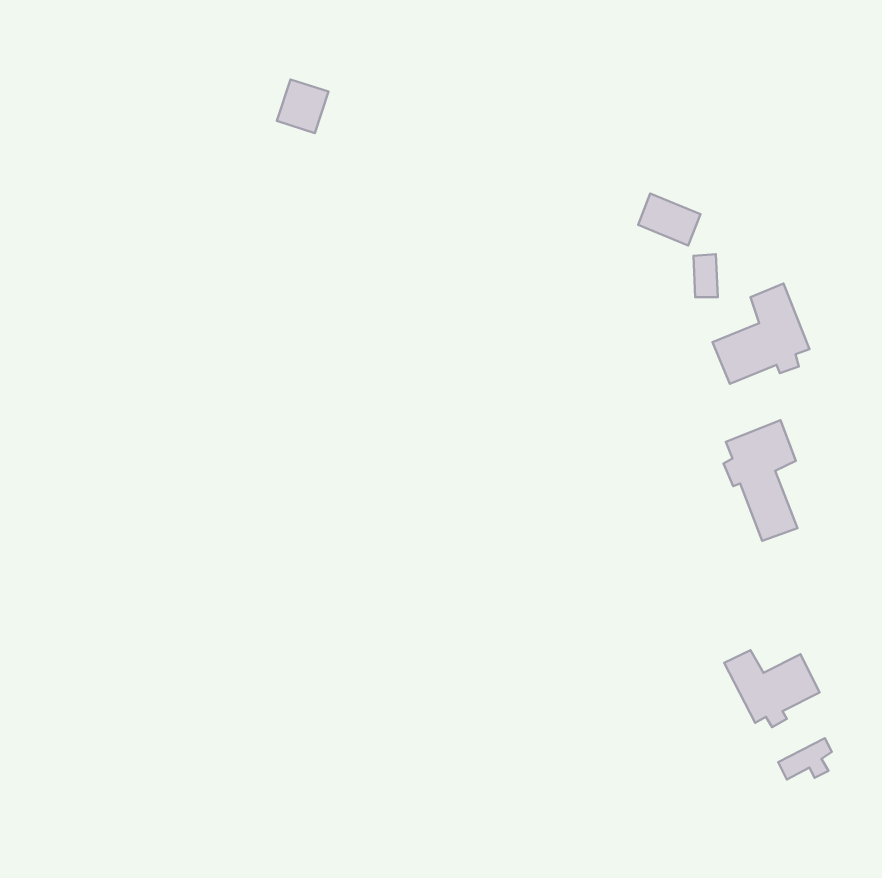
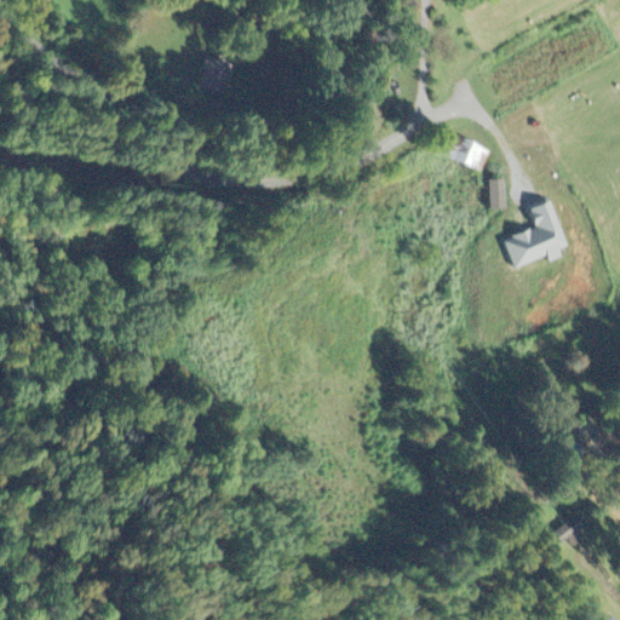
building: [724,420,797,541] -> none
building: [724,650,820,727] -> none

